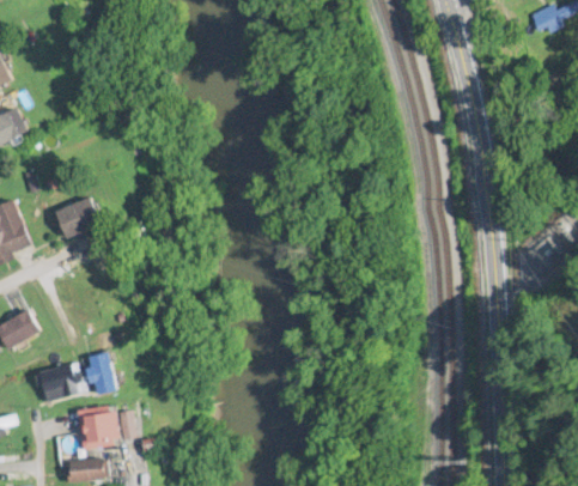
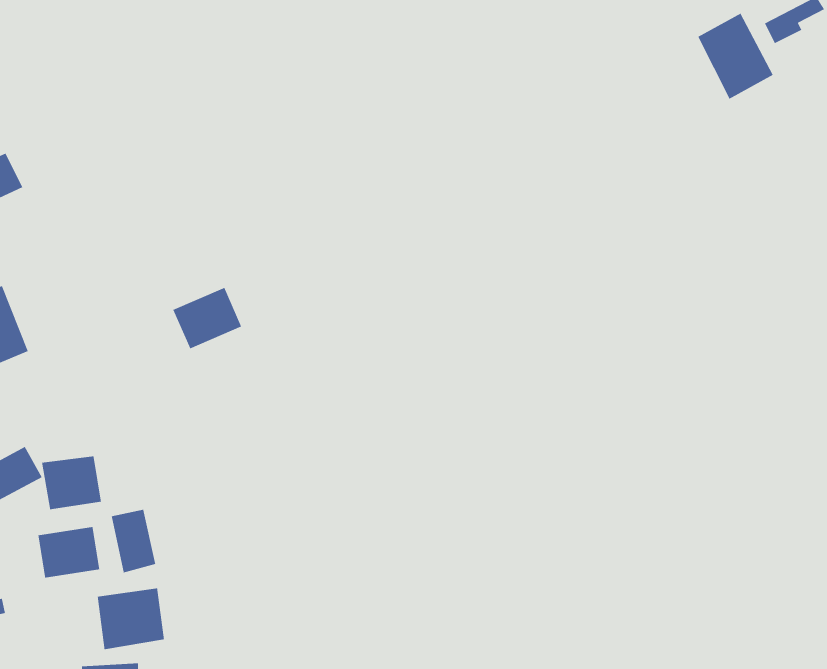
building: none -> [697,13,774,100]
building: [54,196,102,239] -> [172,287,242,350]
building: none -> [41,455,102,510]

